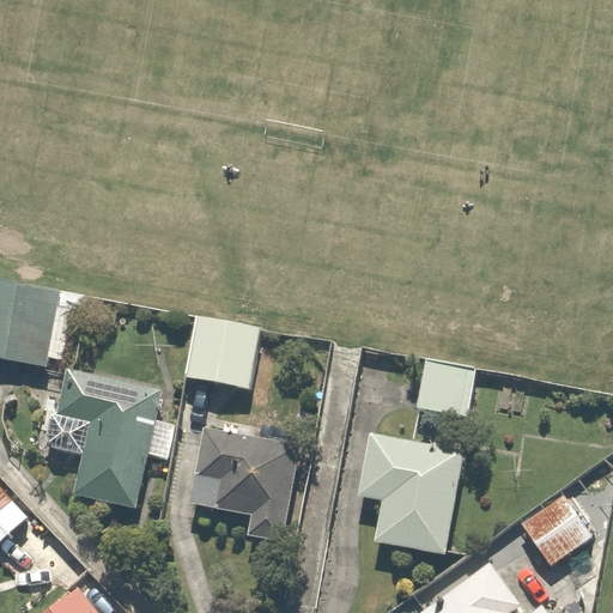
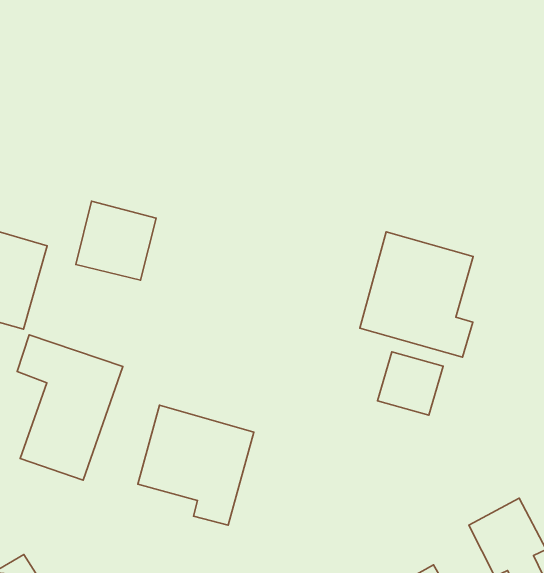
building: none -> [360,232,473,357]
building: [183,312,257,386] -> [76,201,156,280]
building: [360,437,465,559] -> none

